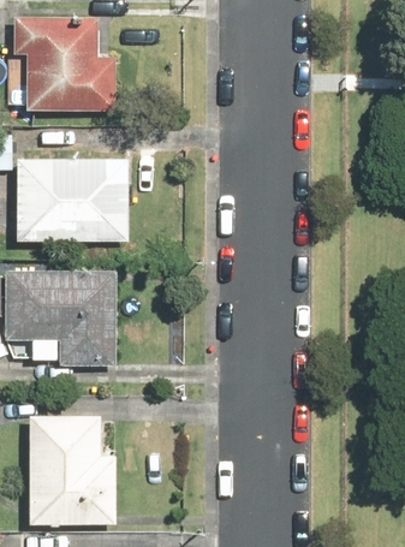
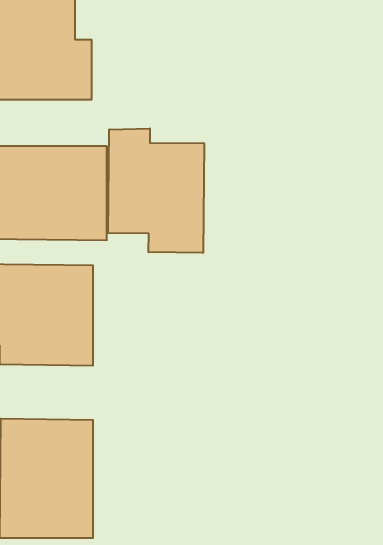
building: none -> [108,128,204,253]

